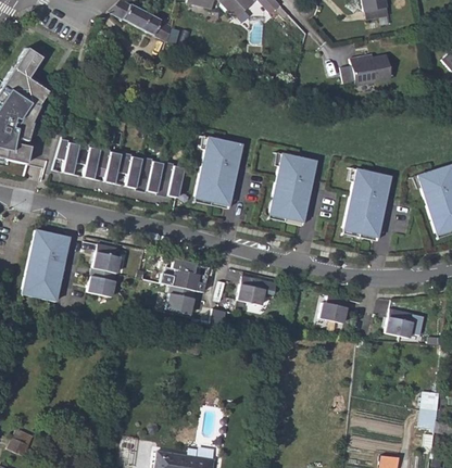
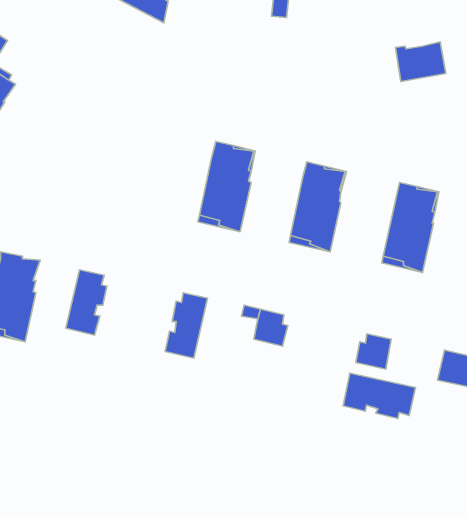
building: [56,140,184,198] -> none
building: none -> [343,373,416,419]

